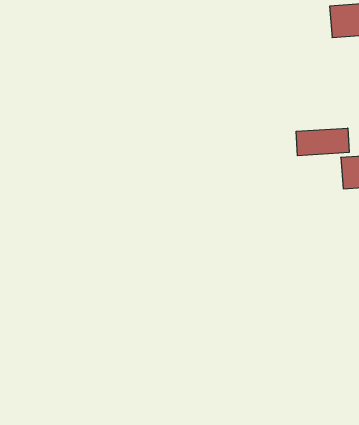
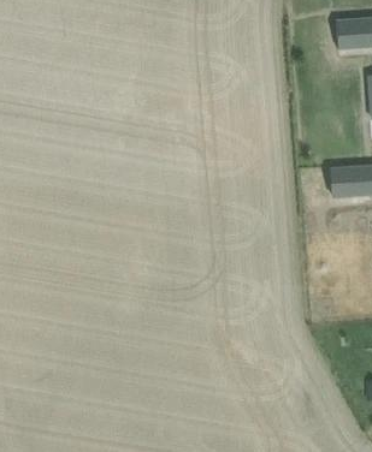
building: [296,128,349,156] -> none

